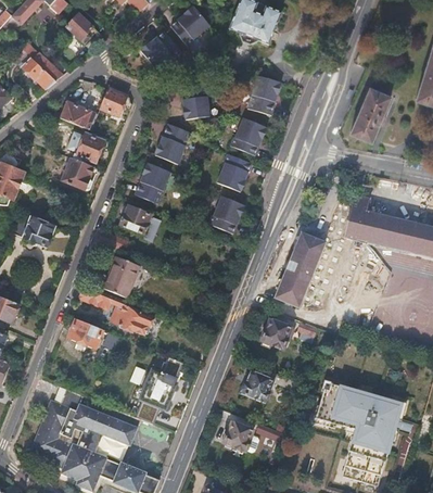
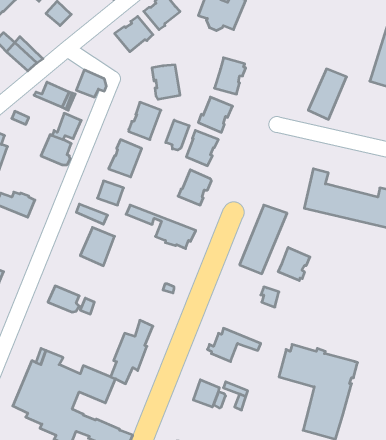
building: none -> [166,120,189,150]
building: none -> [278,247,310,281]
building: [79,289,154,336] -> [126,205,196,249]
building: [260,319,292,351] -> none

